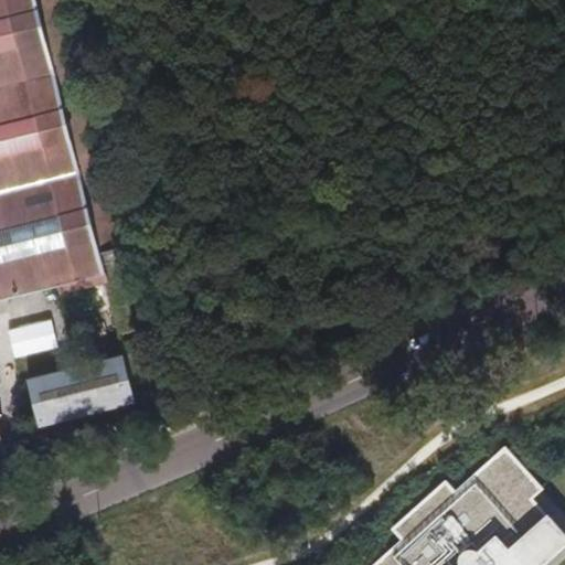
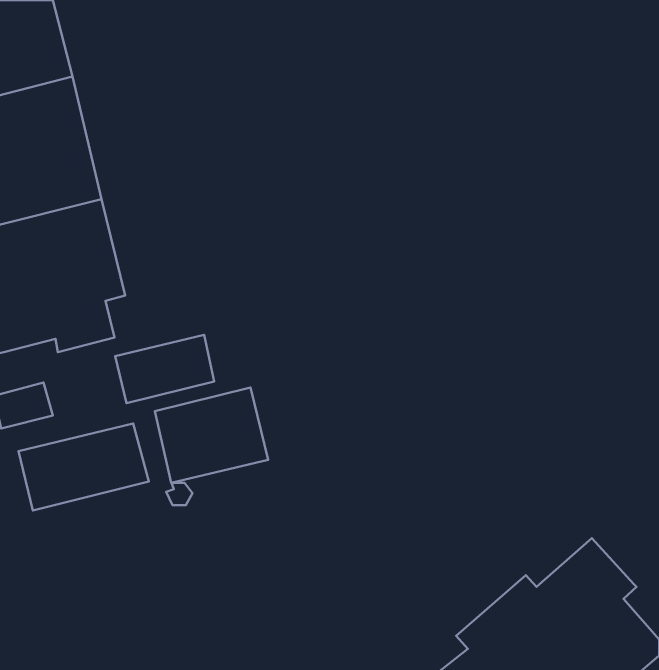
building: none -> [115,335,214,403]
building: none -> [155,387,268,483]

